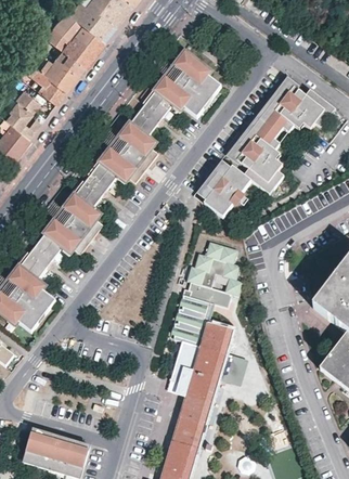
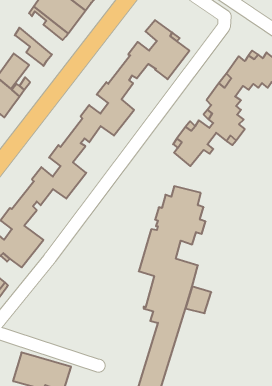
building: [29,41,78,88] -> none

